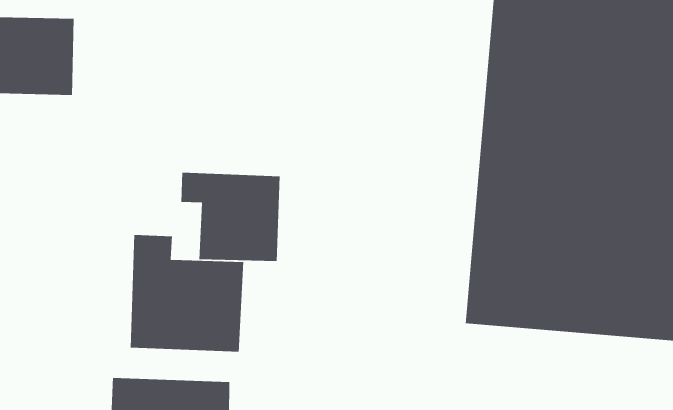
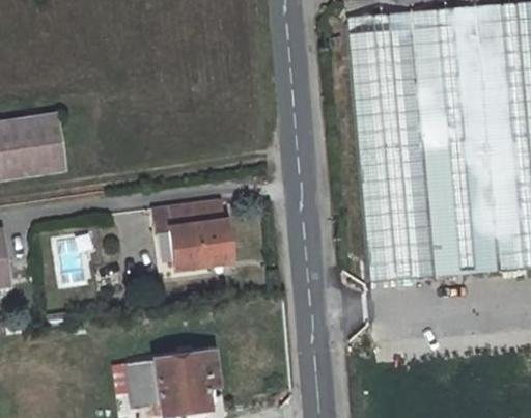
building: [130,234,244,352] -> none

